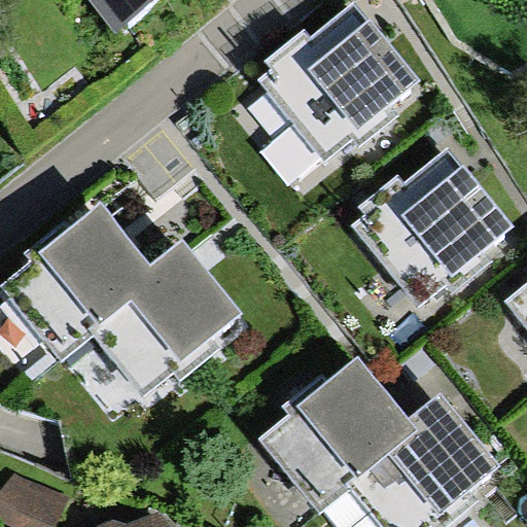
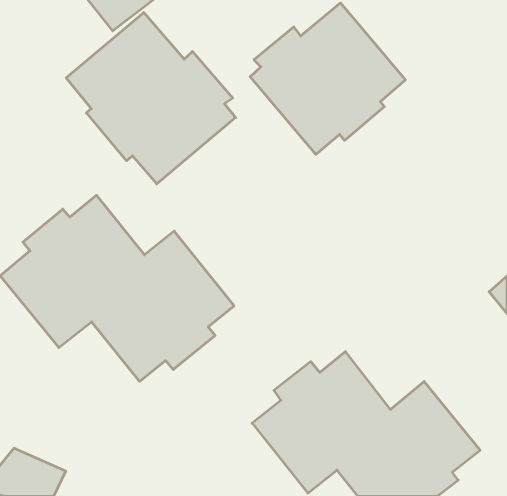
building: none -> [66,12,236,184]
building: [351,146,516,306] -> none

